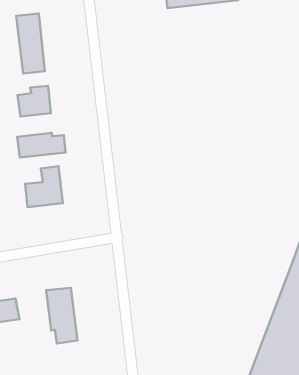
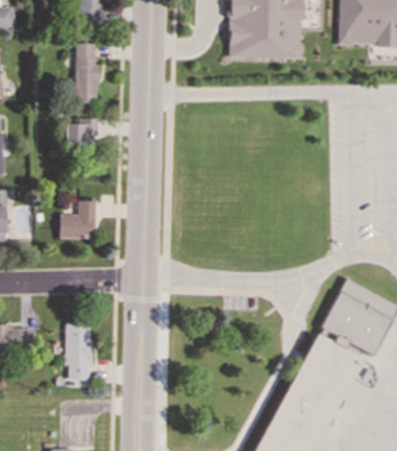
building: [17,133,66,157] -> none

